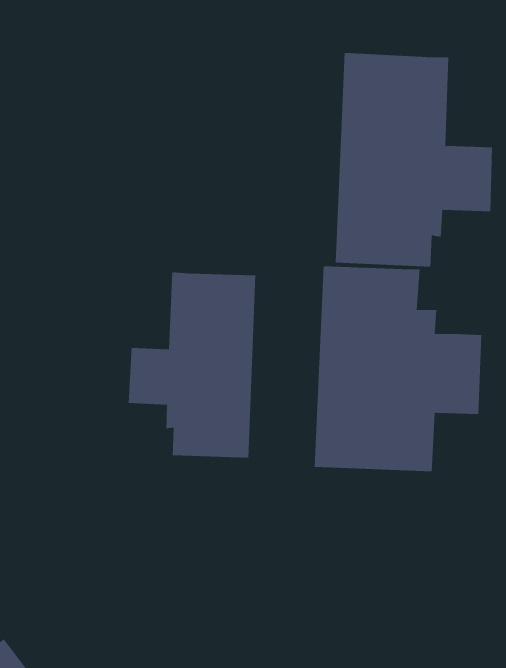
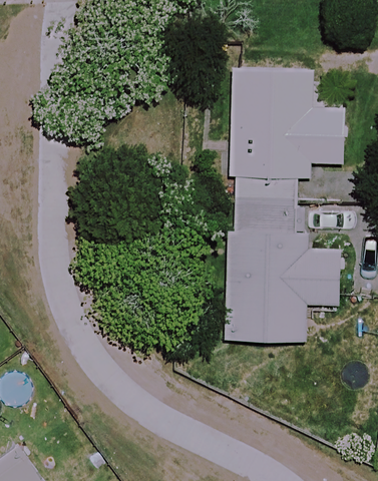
building: [128,272,256,458] -> none

